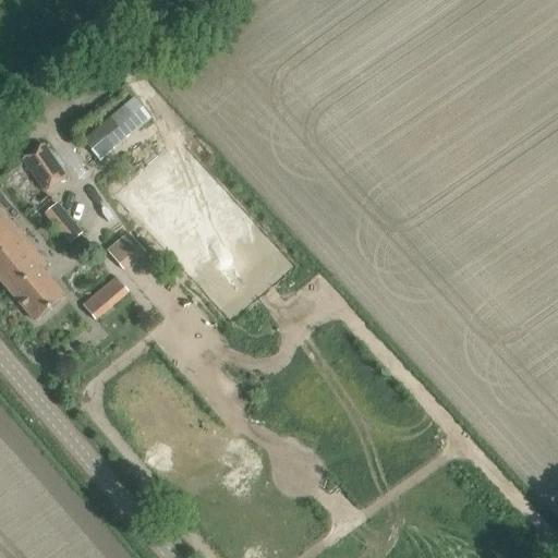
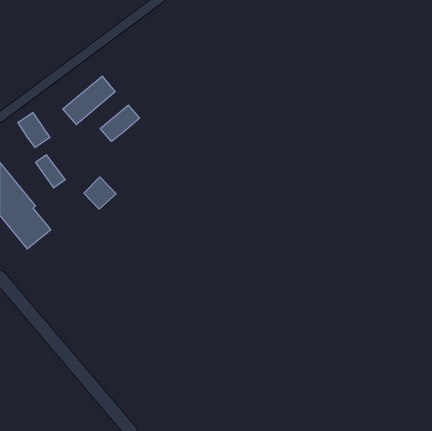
building: none -> [100,105,140,141]
building: [82,279,128,319] -> none

